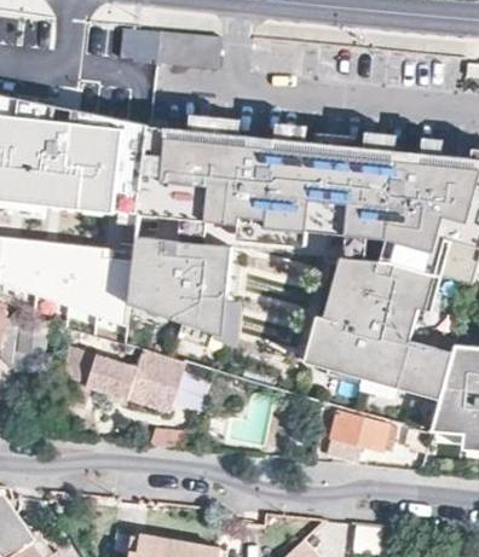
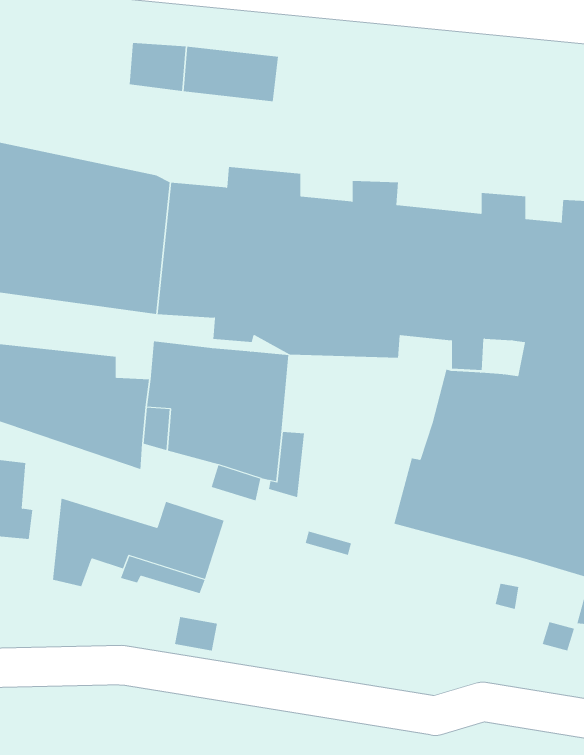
building: [329,412,397,460] -> none

